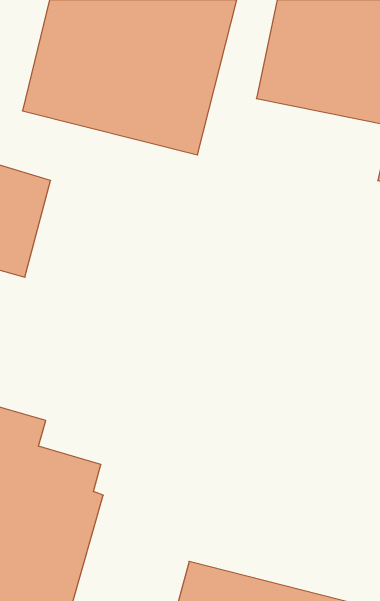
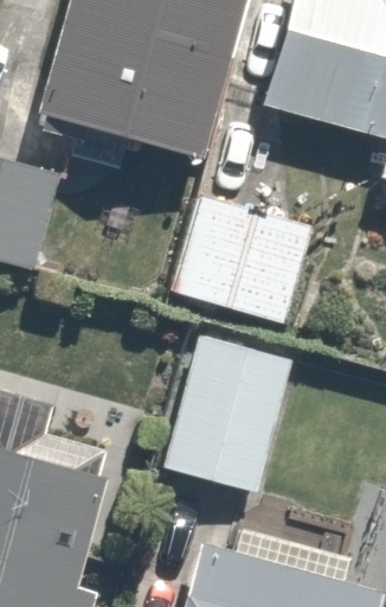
building: none -> [163,197,304,320]
building: none -> [161,338,295,486]

